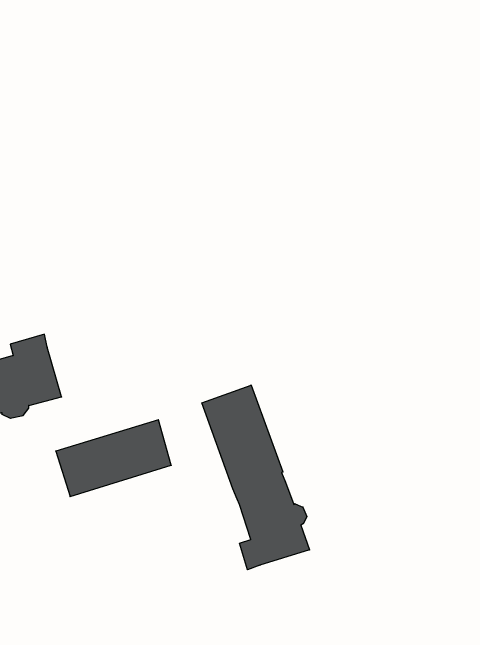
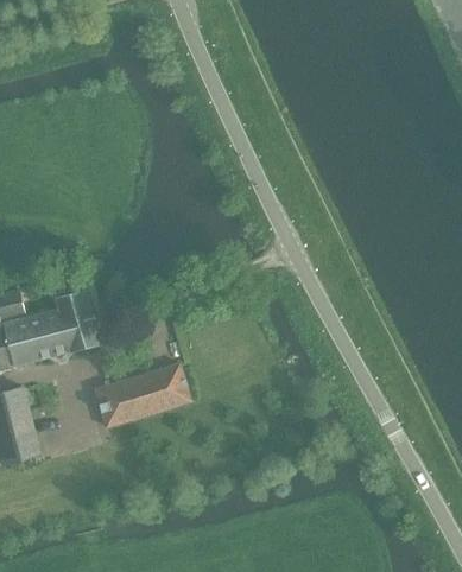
building: [202,385,310,570] -> none

